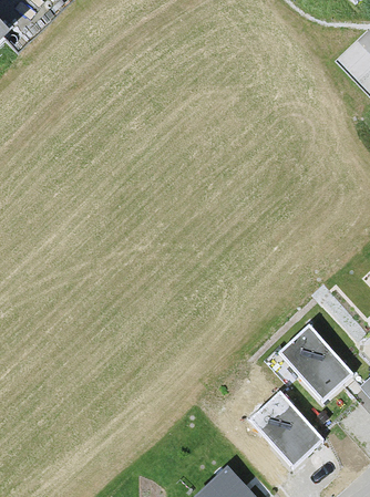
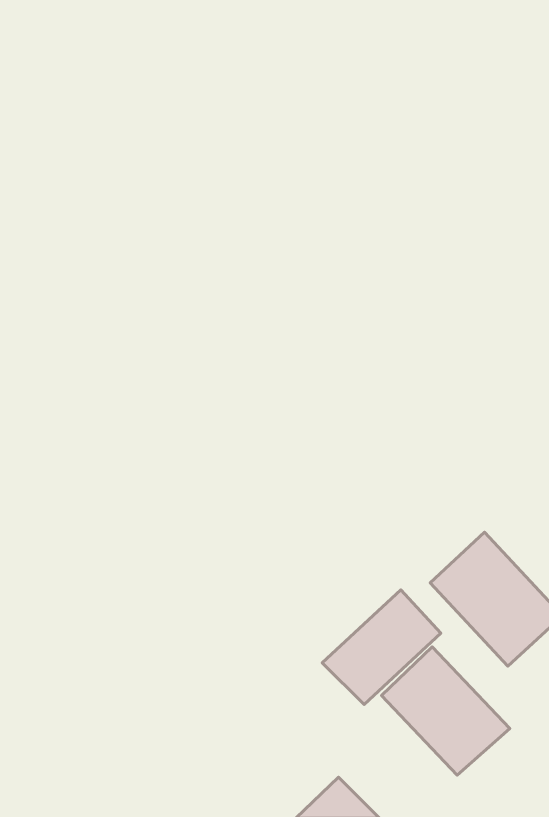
building: none -> [322,590,441,704]

